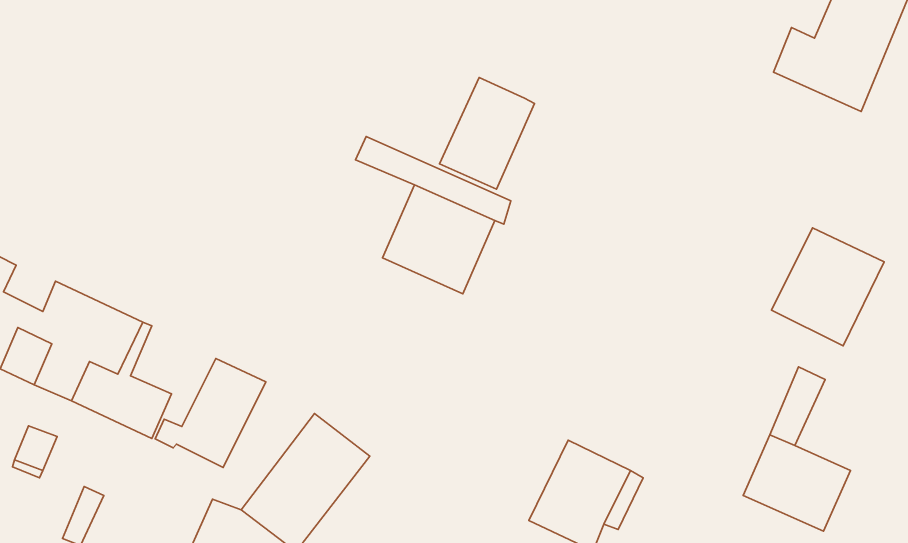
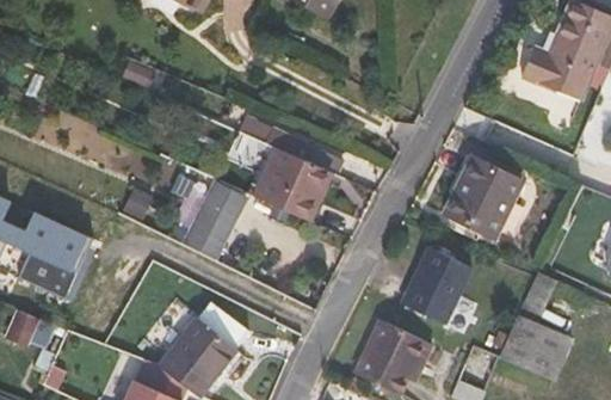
building: [440,78,535,189] -> none
building: [772,228,884,346] -> [443,156,518,235]
building: none -> [401,246,474,325]
building: [155,359,266,468] -> [172,186,246,259]

